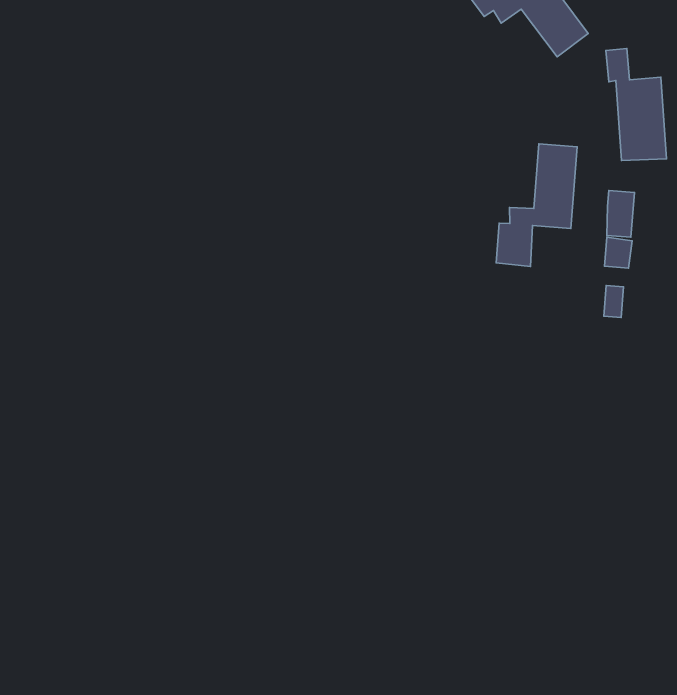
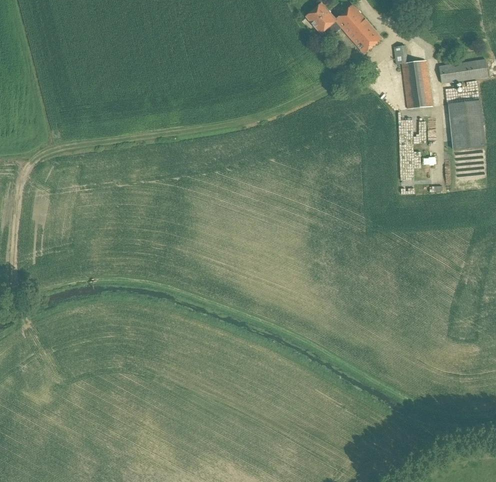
building: [496,144,577,267] -> none

